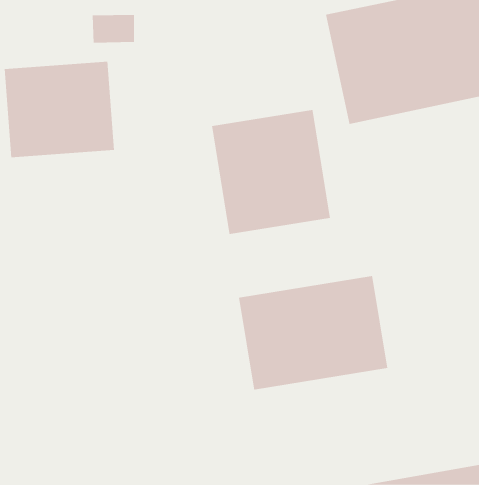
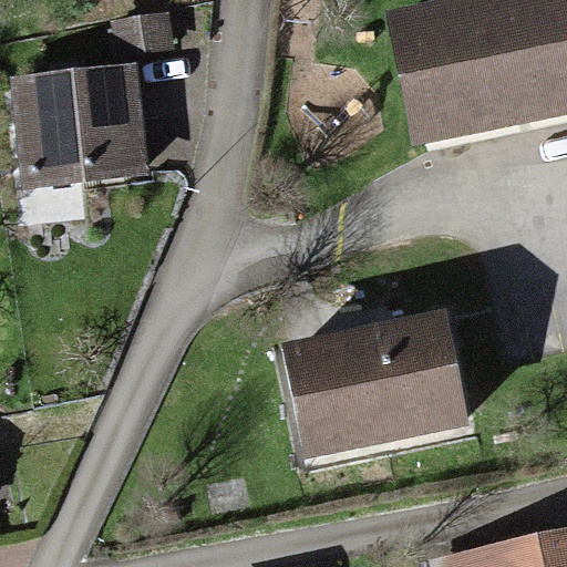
building: [211,109,331,235] -> none

